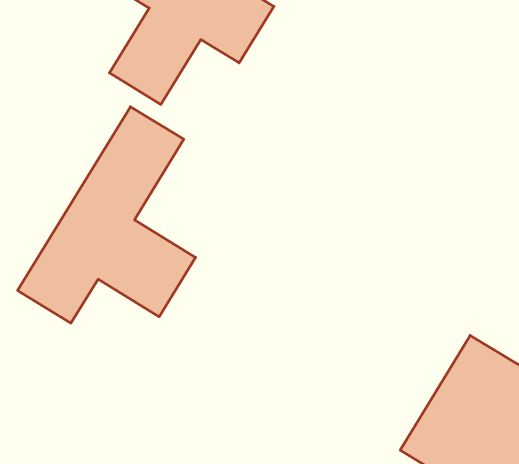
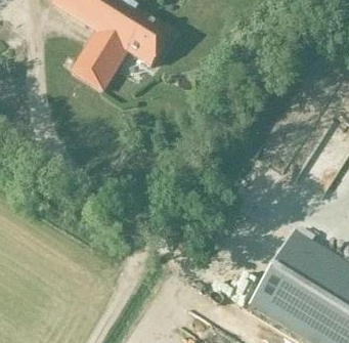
building: [18,107,196,323] -> none

